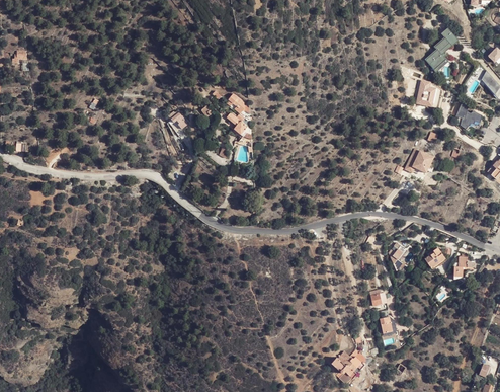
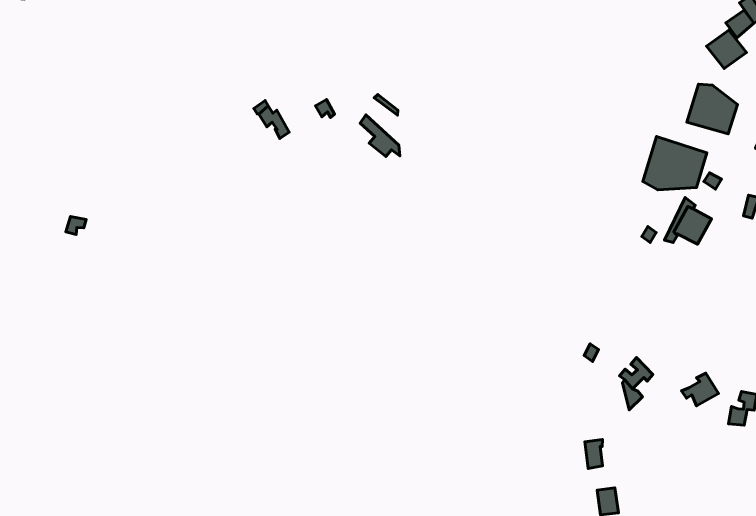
building: none -> [643,136,707,190]

